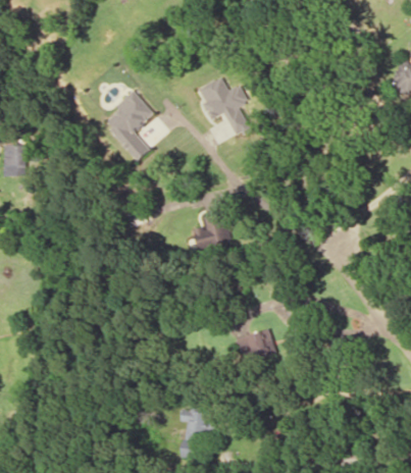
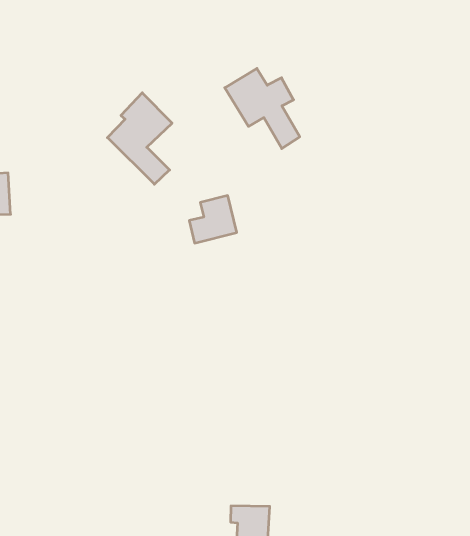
building: [193,213,228,248] -> [189,196,237,243]
building: [235,330,276,362] -> none

